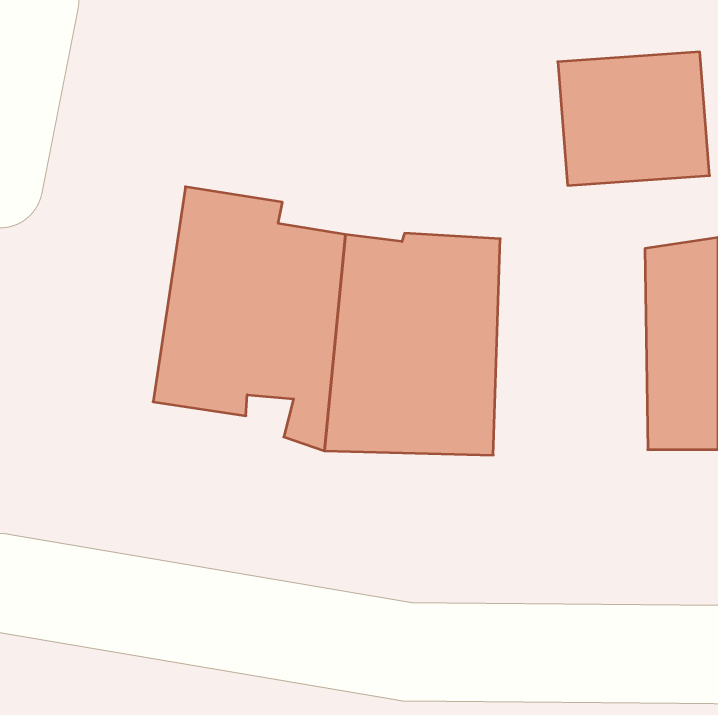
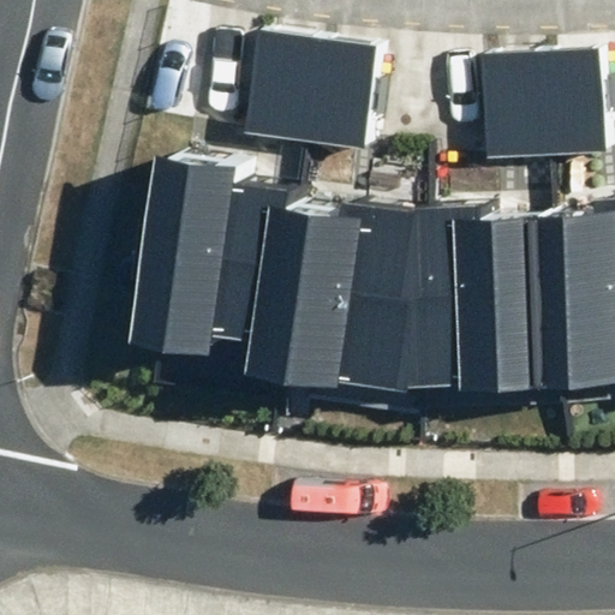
building: none -> [243,29,378,150]
building: none -> [422,203,554,392]

